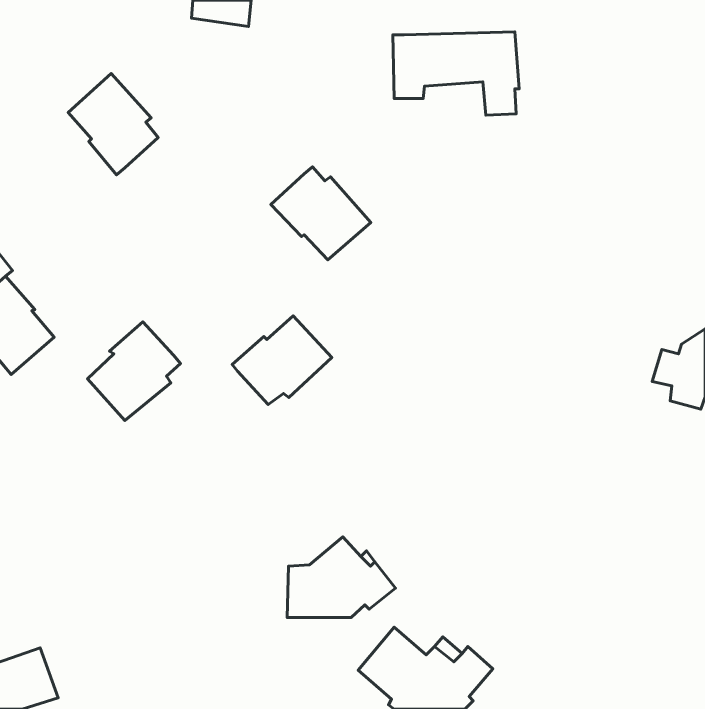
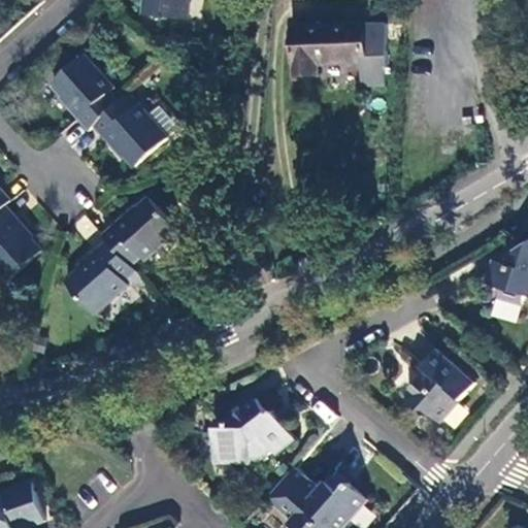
building: [271,167,371,260] -> [93,97,167,166]
building: [232,316,332,405] -> [102,198,176,264]
building: none -> [406,350,474,422]

